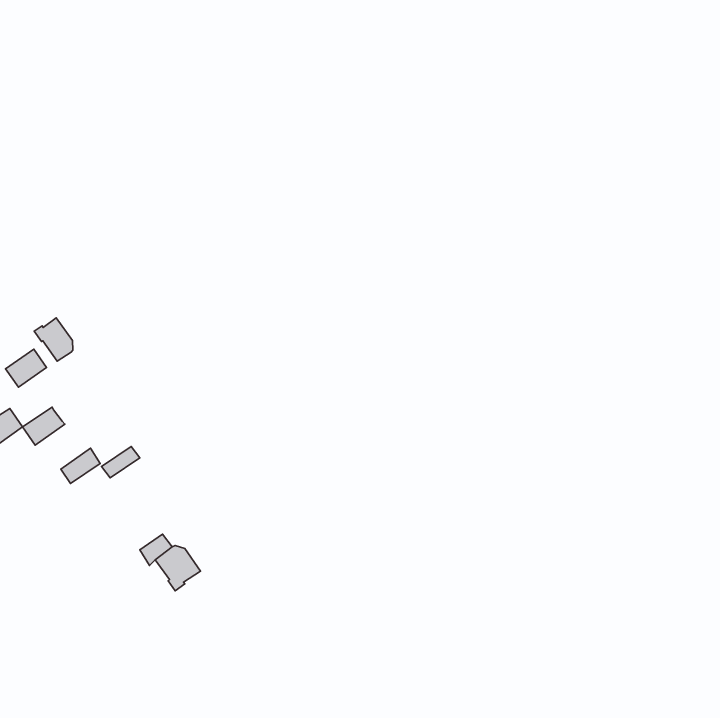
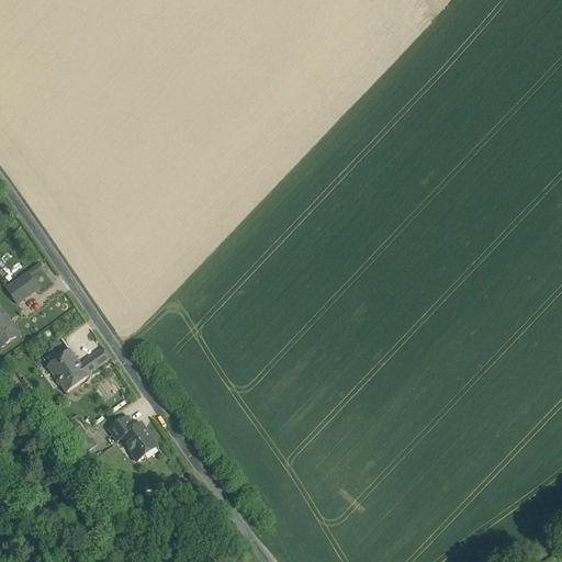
building: [34,318,73,361] -> none
building: [23,407,65,445] -> [55,360,88,390]

